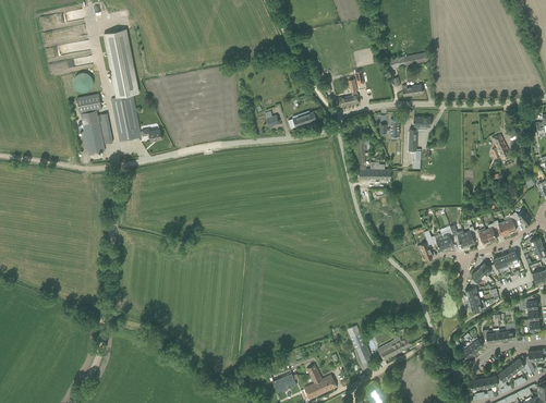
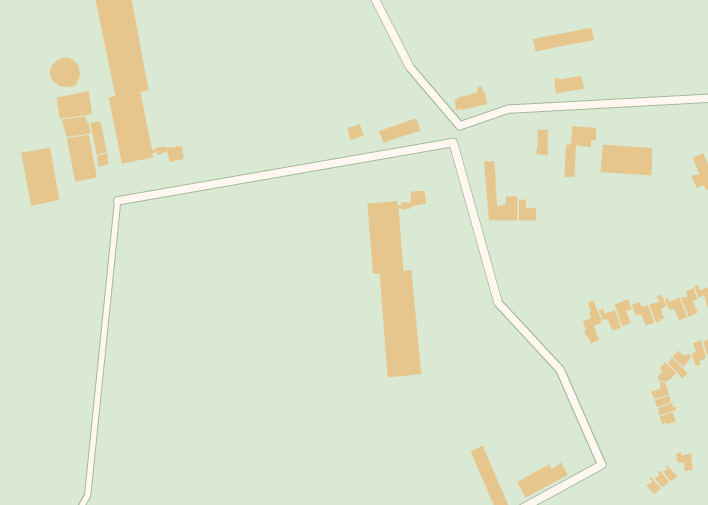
building: none -> [600,144,653,176]
building: none -> [21,147,60,207]
building: none -> [367,190,427,378]

